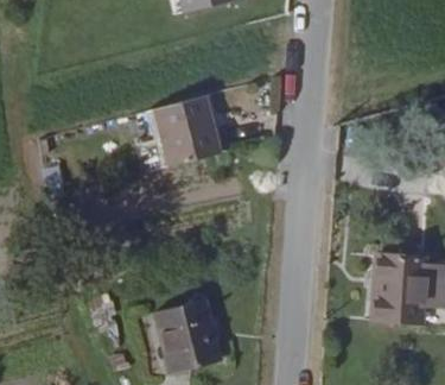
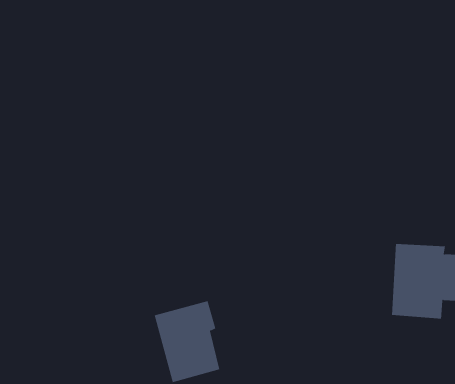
building: [160,101,227,170] -> none

